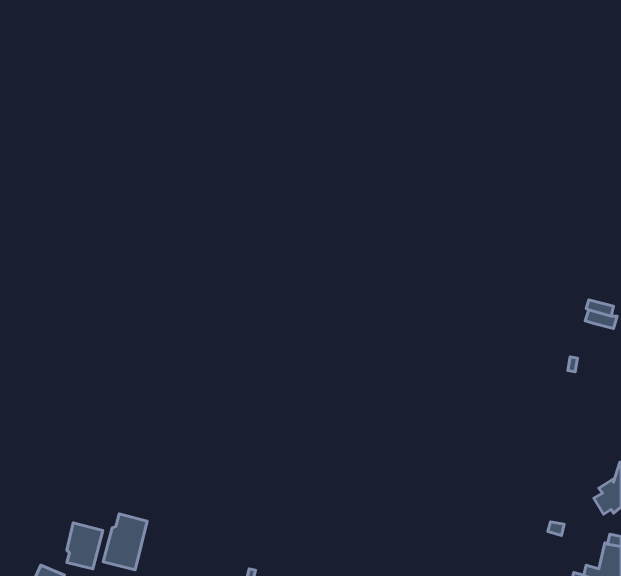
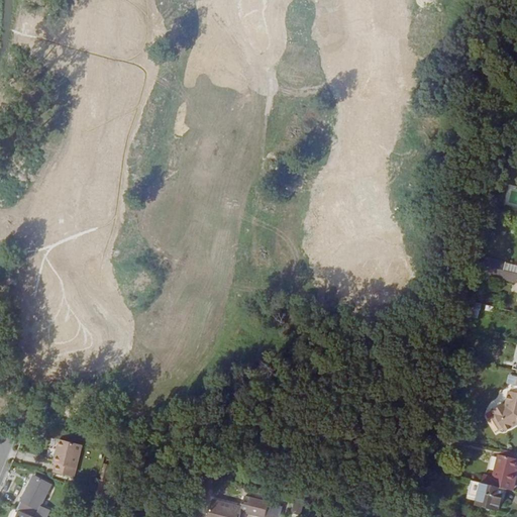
building: [103,514,147,570] -> none

